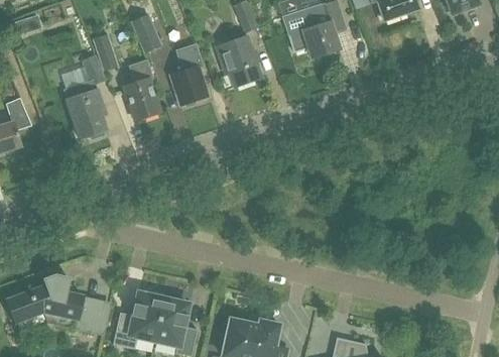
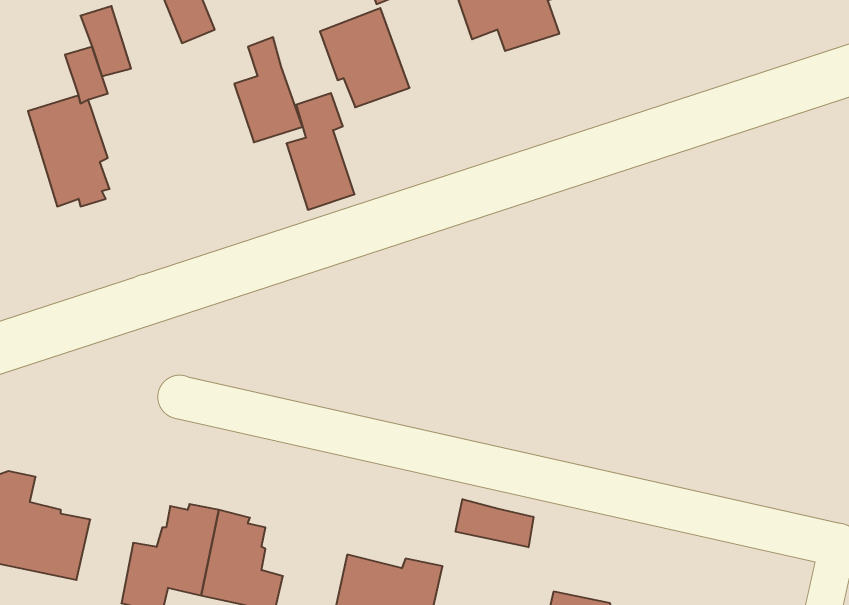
building: [124,58,159,119] -> [286,93,355,210]
building: none -> [456,499,533,547]

